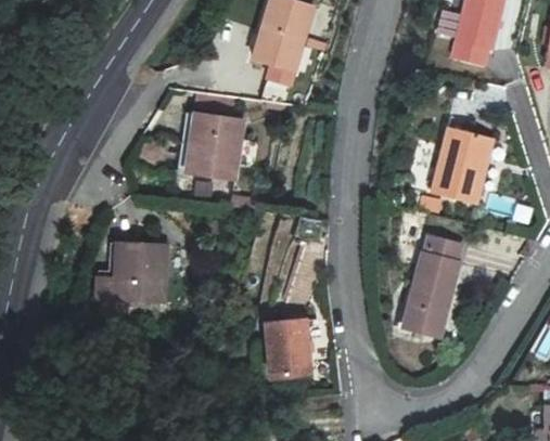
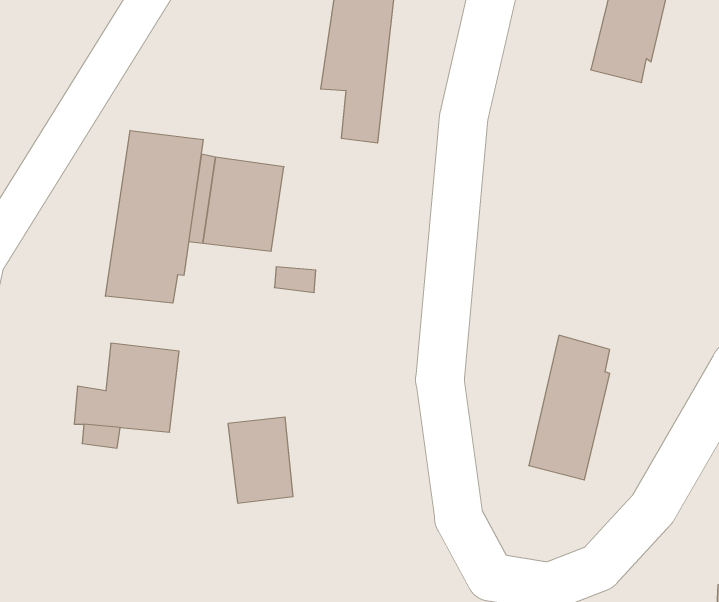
building: none -> [105,130,203,303]
building: [424,124,482,197] -> none
building: [268,316,312,375] -> [228,417,293,503]

